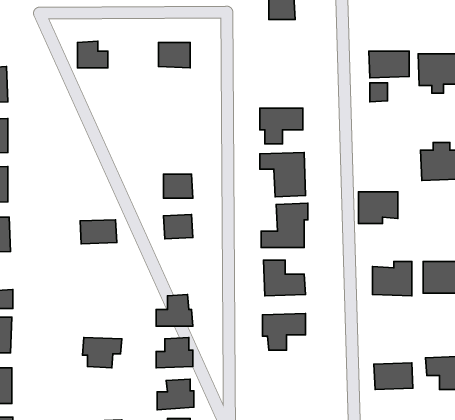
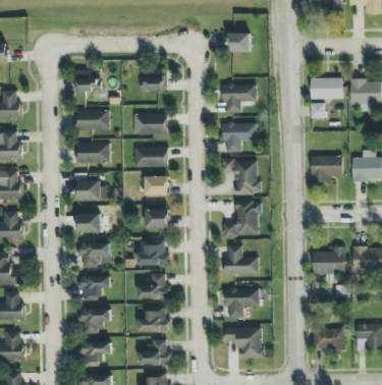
building: none -> [223,84,256,112]
building: none -> [76,110,109,129]
building: none -> [133,113,166,133]
building: none -> [76,143,110,163]
building: none -> [133,147,167,167]
building: none -> [77,181,107,200]
building: [359,192,398,224] -> [311,156,342,181]
building: none -> [138,240,167,266]
building: none -> [78,242,110,268]
building: none -> [79,275,110,299]
building: none -> [224,327,263,359]
building: none -> [81,341,111,365]

